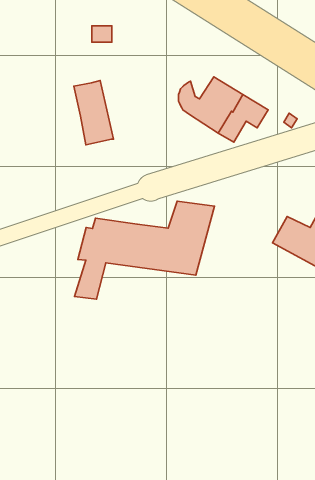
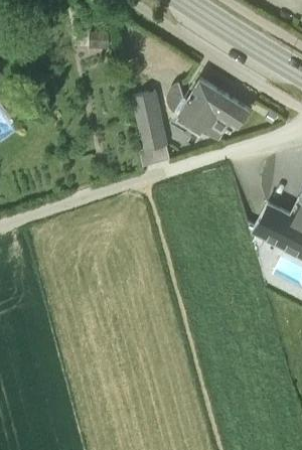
building: [74,81,114,145] -> [132,93,168,151]
building: [74,201,215,299] -> none

